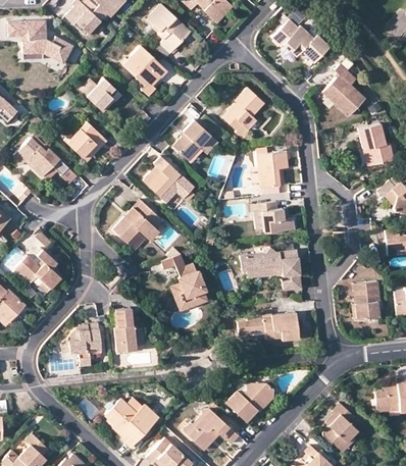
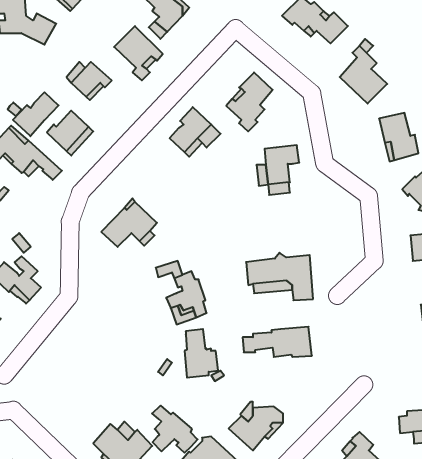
building: none -> [13,92,59,136]
building: [145,156,194,203] -> none
building: [251,202,294,232] -> none
building: [353,281,379,317] -> none
building: [114,308,144,351] -> [185,329,218,378]
building: [67,323,101,365] -> none
building: none -> [152,406,198,453]

